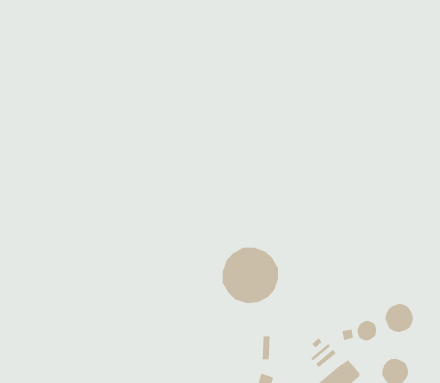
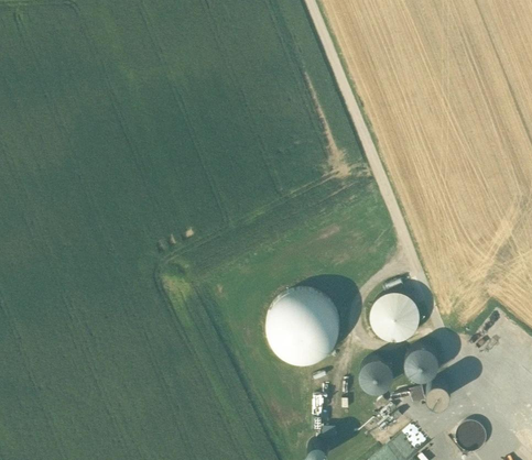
building: none -> [372,295,417,340]
building: none -> [359,359,393,392]
building: [384,303,414,333] -> [404,346,438,380]

